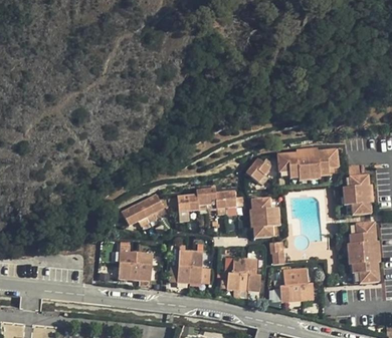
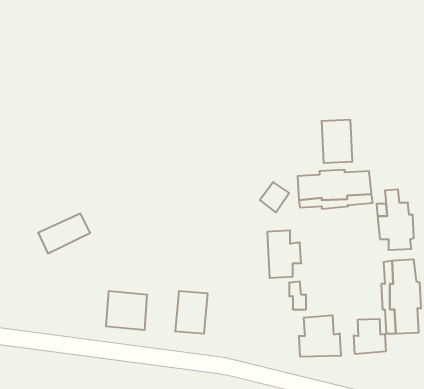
building: none -> [322,120,352,163]
building: [178,189,237,211] -> none
building: [122,191,165,224] -> [38,213,90,253]
building: [226,257,260,291] -> none
building: none -> [354,319,386,354]

